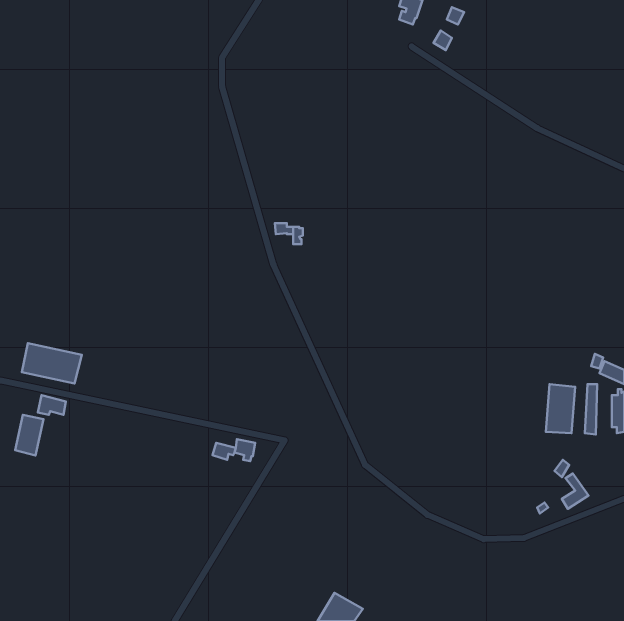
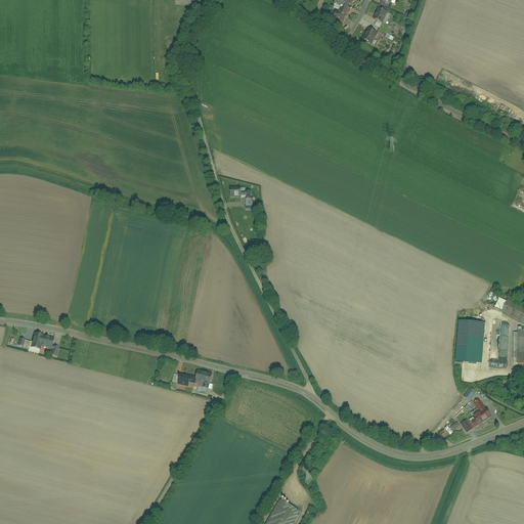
building: [22,343,82,384] -> none
building: [15,415,44,455] -> none

